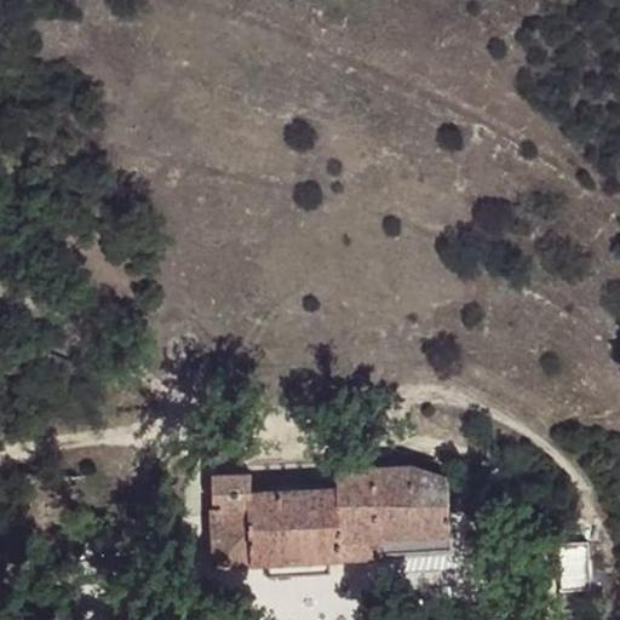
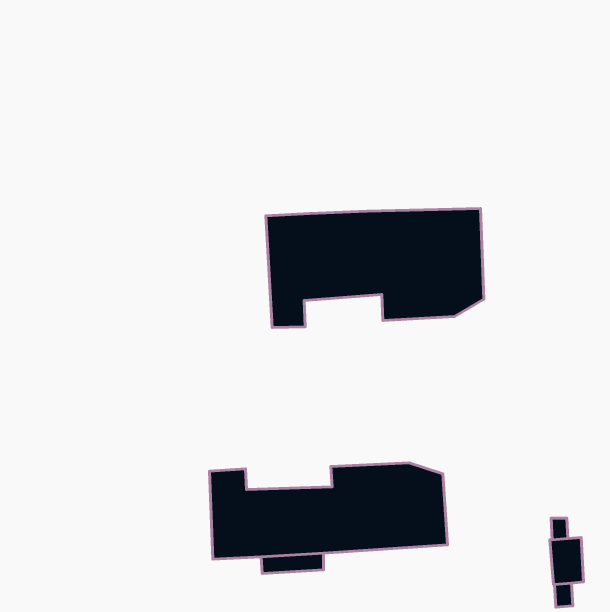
building: none -> [266,208,484,328]

